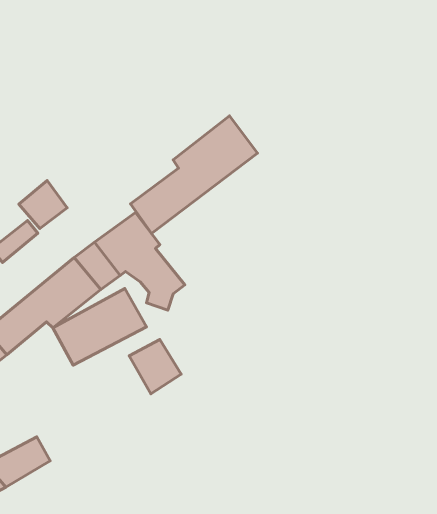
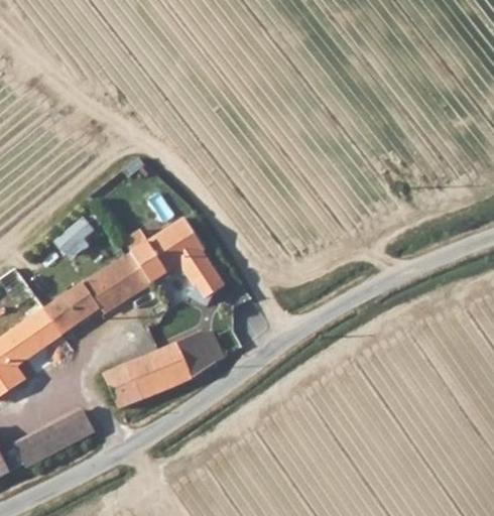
building: [131,116,257,234] -> none
building: [19,181,67,229] -> none
building: [53,289,146,365] -> [103,345,186,408]

